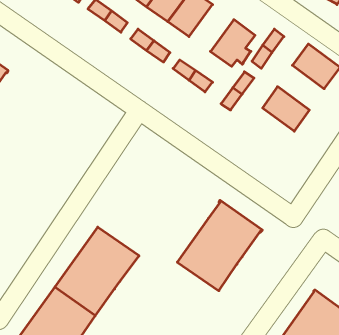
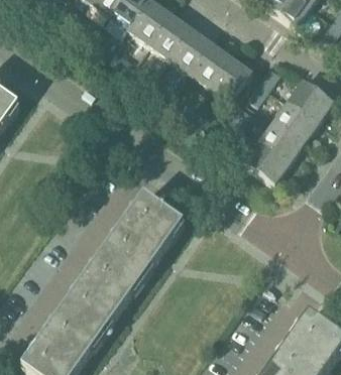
building: none -> [190,41,232,86]
building: none -> [273,99,318,141]
building: none -> [244,139,290,181]
building: [177,200,262,291] -> [103,194,184,279]

